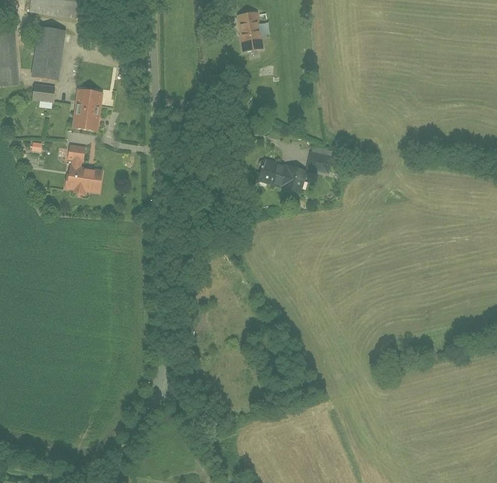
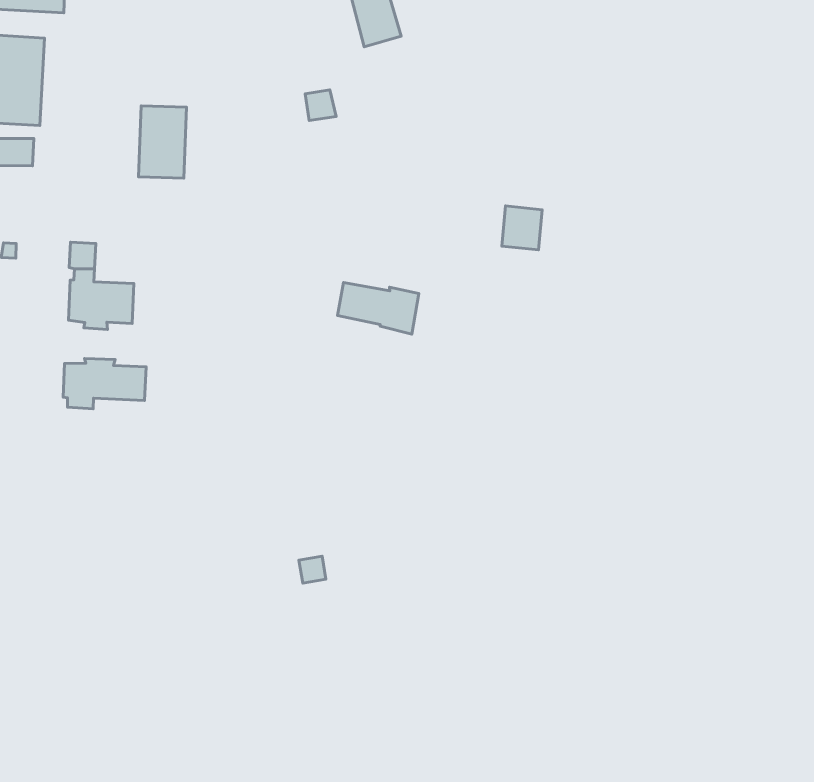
building: [72,88,102,130] -> [139,106,187,178]
building: [257,161,303,193] -> [338,282,419,334]
building: none -> [63,358,146,409]

